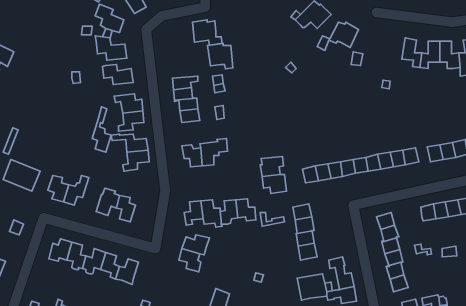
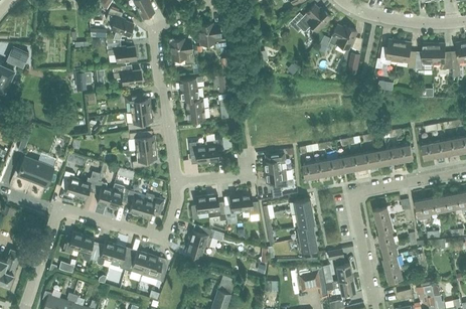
building: none -> [375,40,401,69]
building: [207,43,233,69] -> [169,39,193,63]
building: [92,107,111,152] -> [94,163,112,206]
building: none -> [139,193,163,219]
building: none -> [141,255,166,282]

